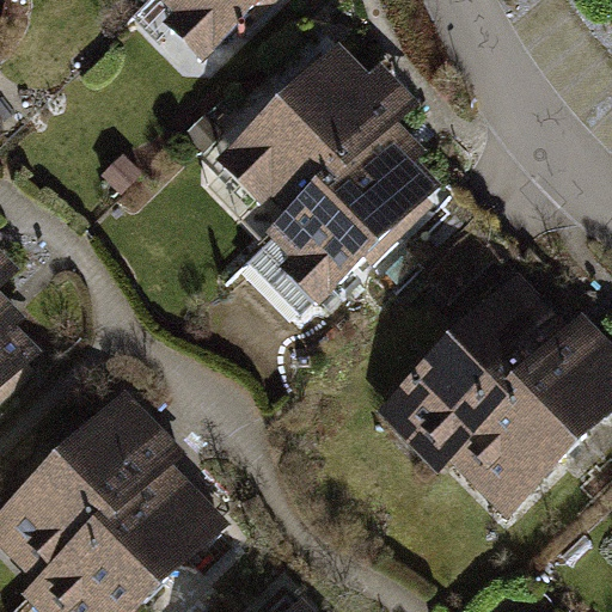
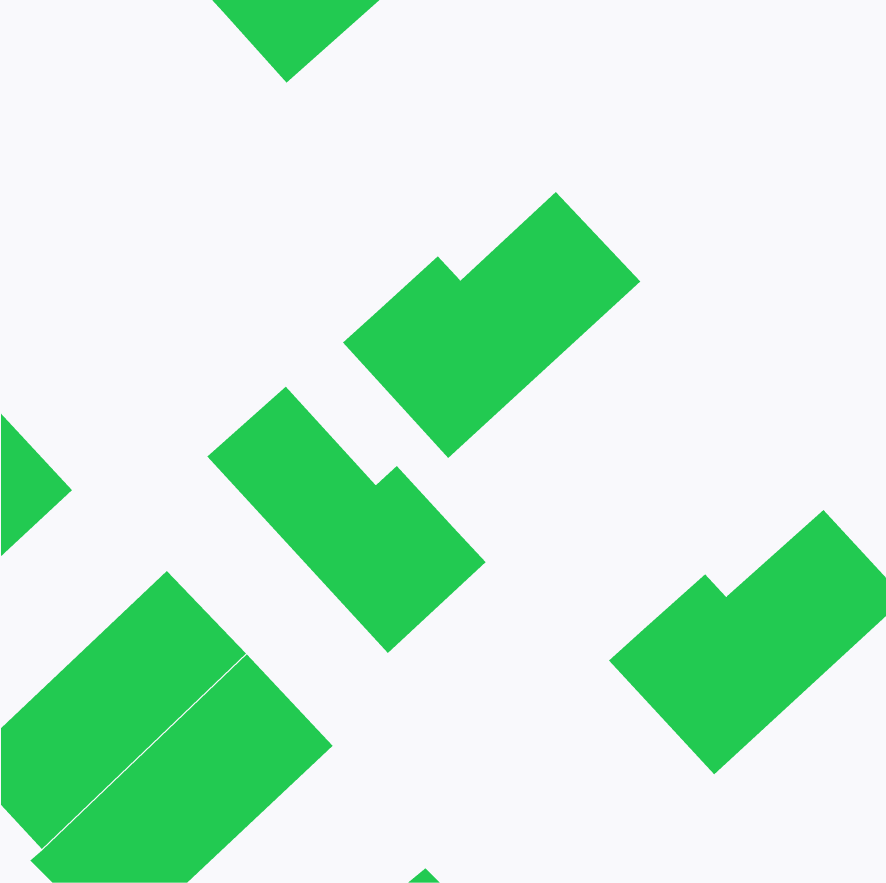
building: [210,48,398,214] -> none
building: none -> [207,386,487,654]
building: [394,267,581,433] -> none

